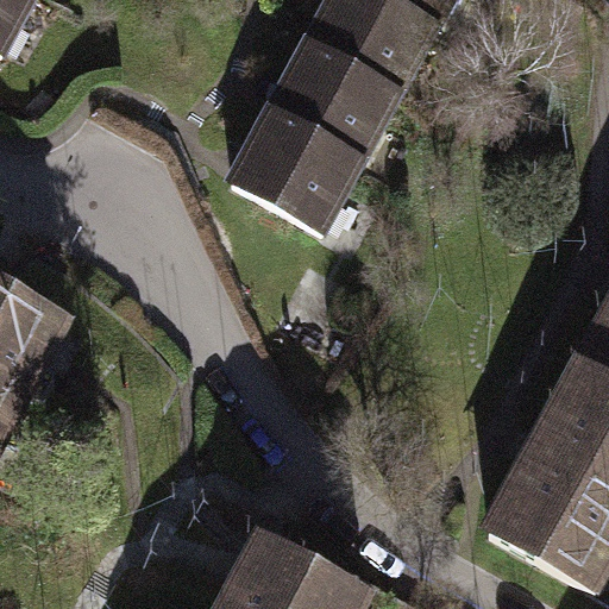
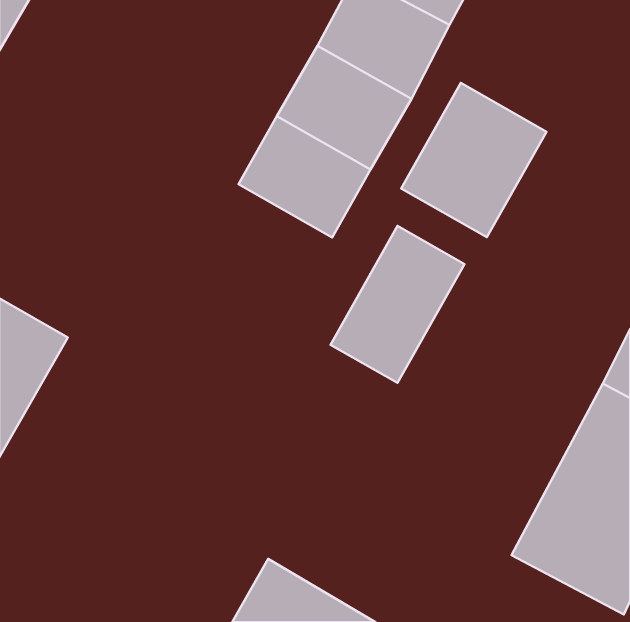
building: none -> [401,83,547,237]
building: none -> [330,226,465,383]

